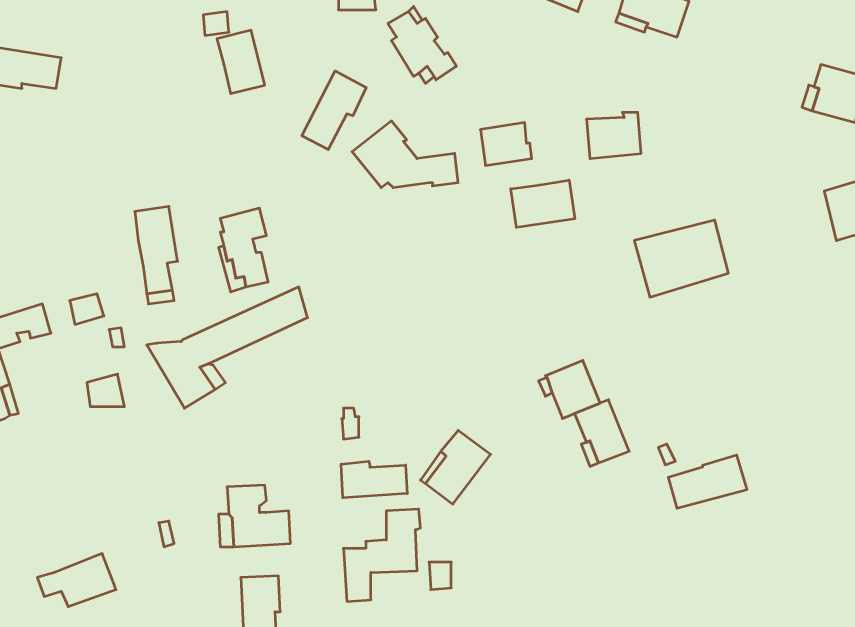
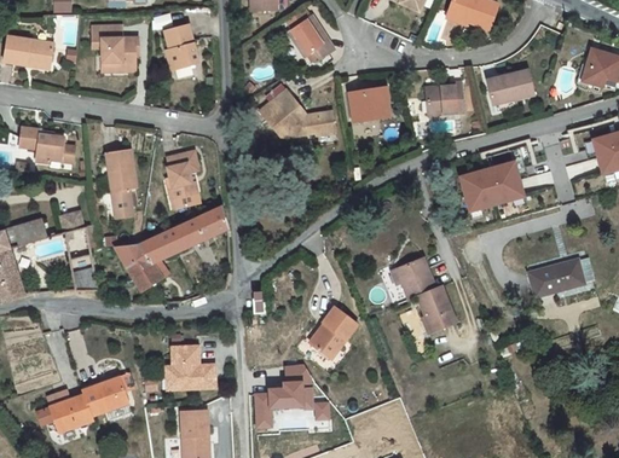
building: none -> [92,25,139,68]
building: [302,71,366,150] -> none
building: none -> [486,69,534,111]
building: none -> [19,127,75,162]
building: [511,180,575,227] -> none
building: [668,455,747,508] -> [530,259,585,296]
building: [341,461,407,498] -> none
building: none -> [82,376,128,416]

